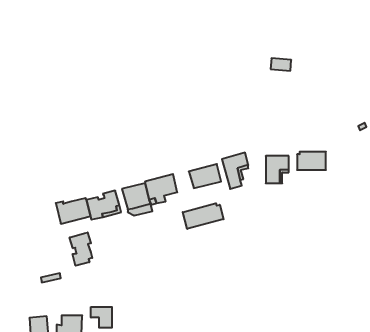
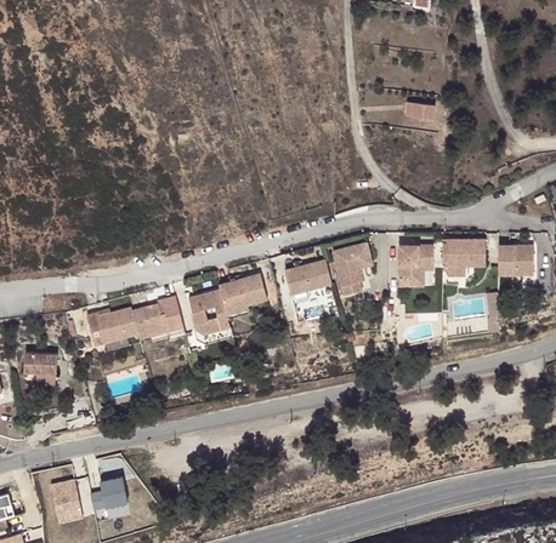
building: none -> [499,246,534,276]
building: [183,203,224,229] -> none
building: none -> [23,356,57,376]
building: [70,232,92,266] -> none
building: [91,307,112,328] -> none

